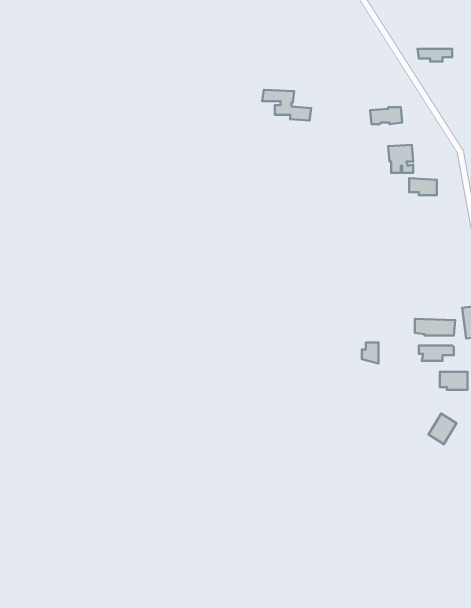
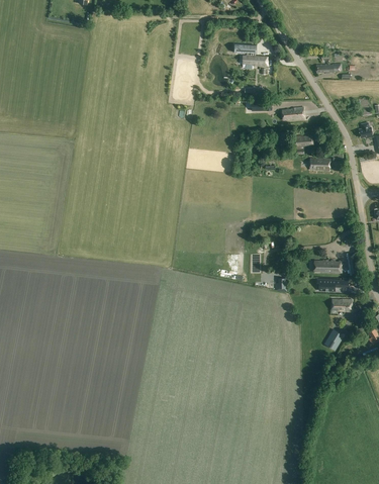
building: [262,90,311,121] -> [233,44,269,67]

